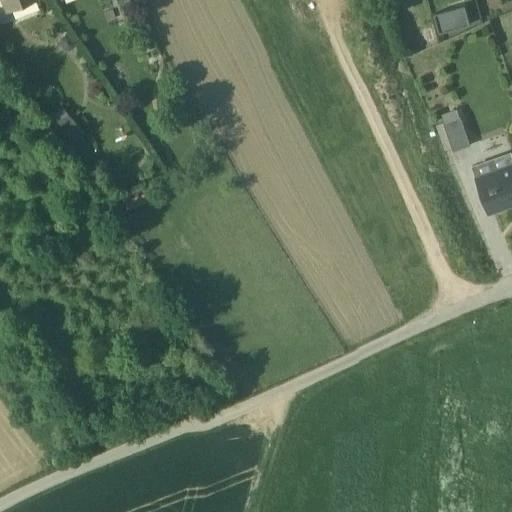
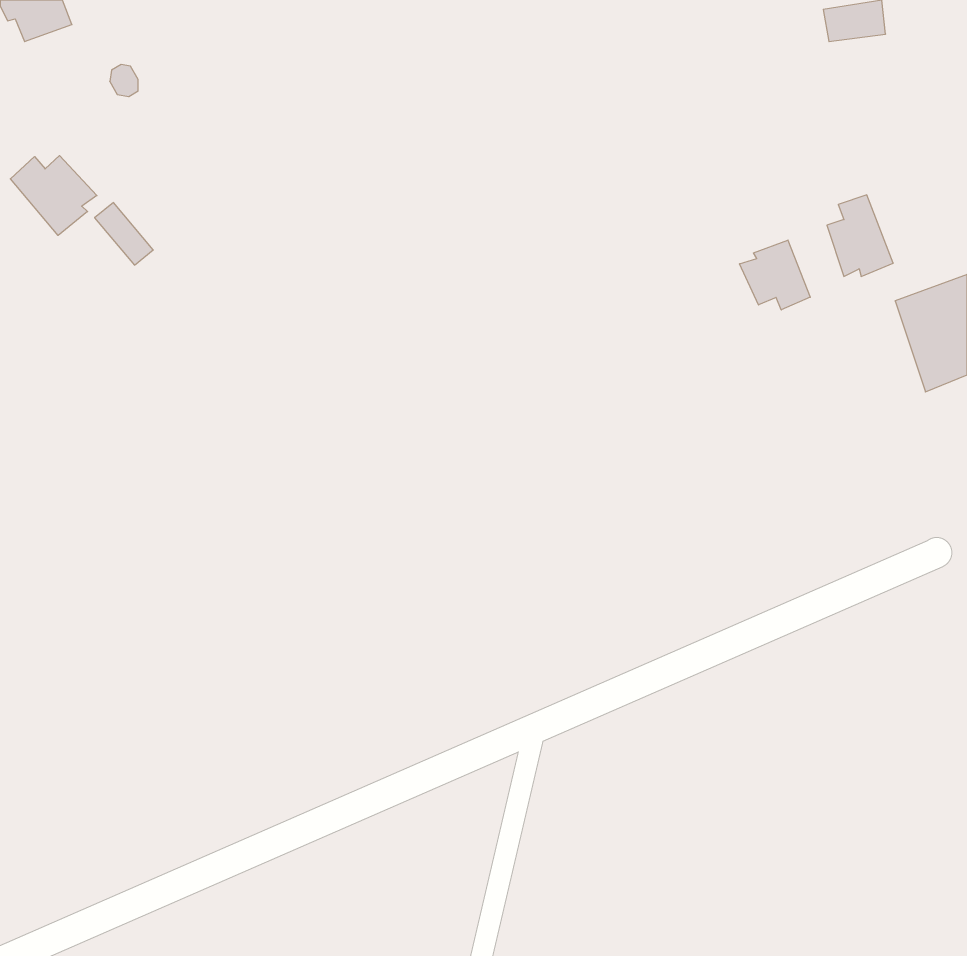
building: none -> [10,156,97,235]
building: none -> [740,240,810,310]

